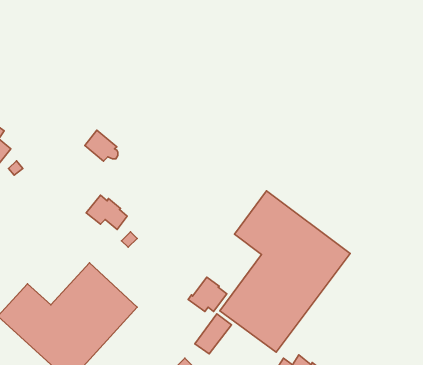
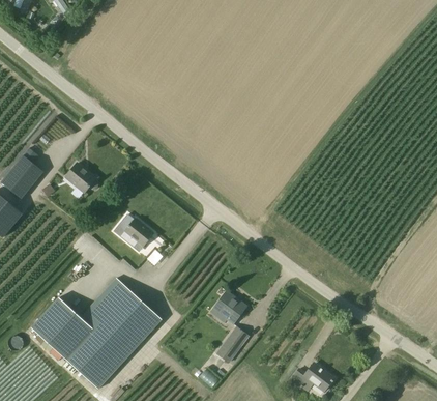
building: [85,130,118,161] -> [66,163,97,192]
building: [220,191,350,352] -> none

